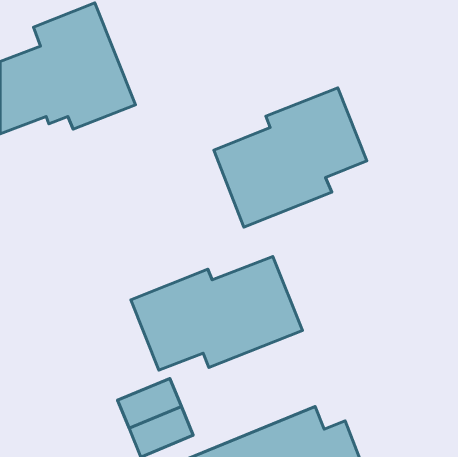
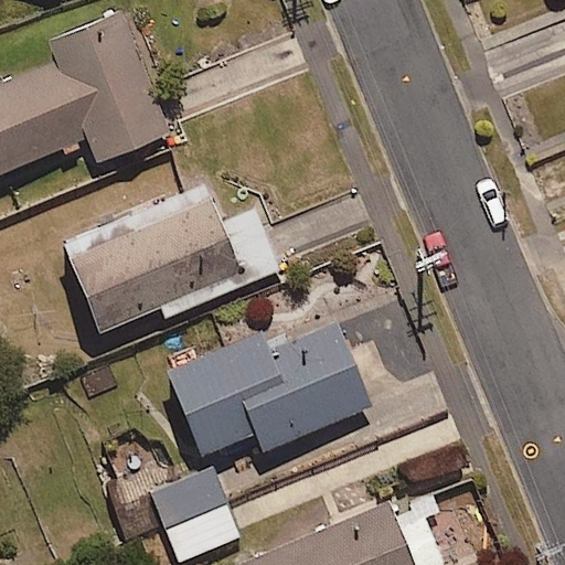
building: [214,88,367,227] -> none
building: none -> [61,186,281,332]

